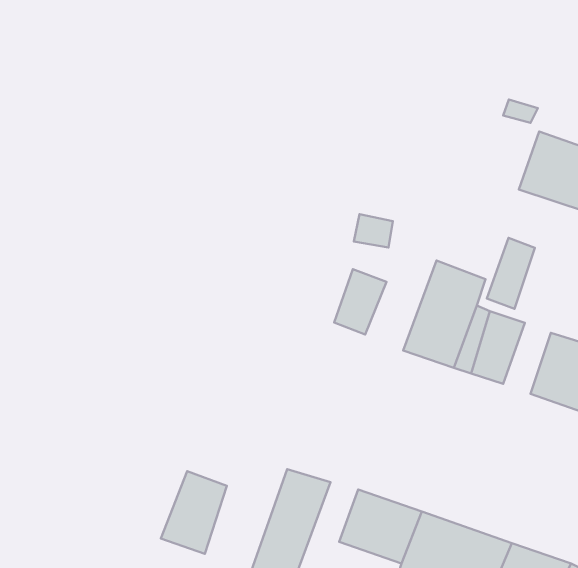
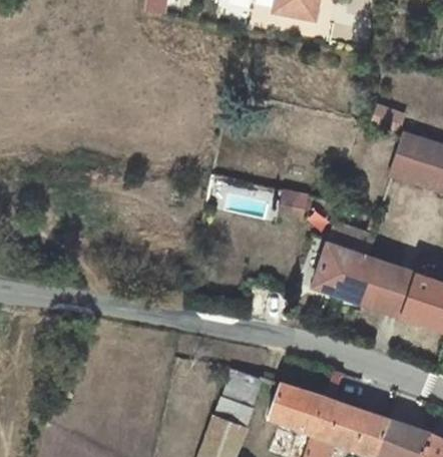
building: [487,238,535,309] -> [382,268,415,317]
building: [334,269,387,335] -> none
building: [161,471,227,554] -> none

